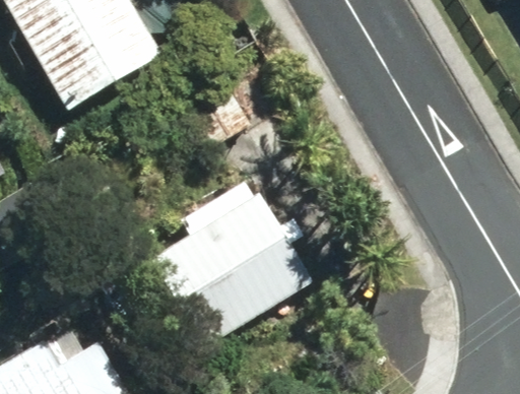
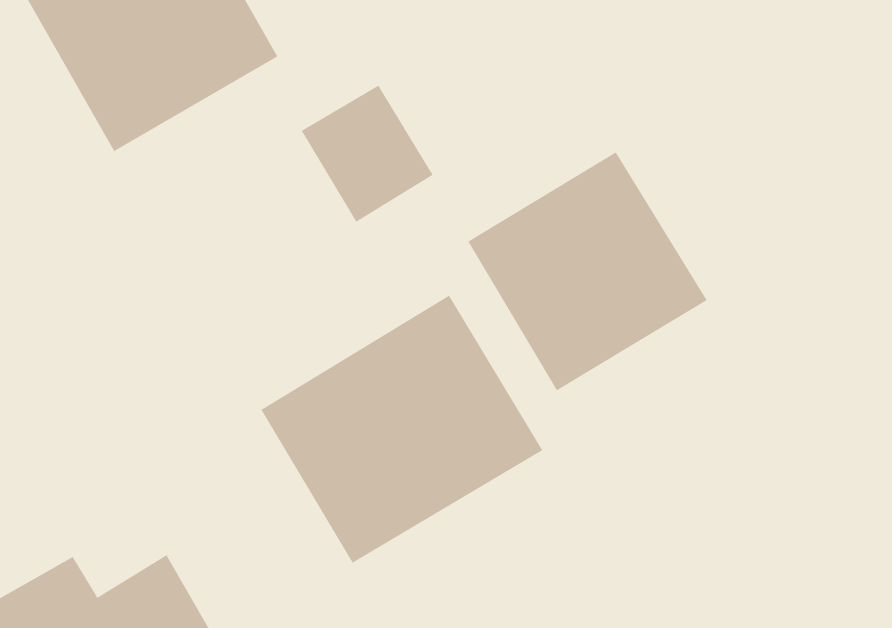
building: none -> [468,151,707,391]

